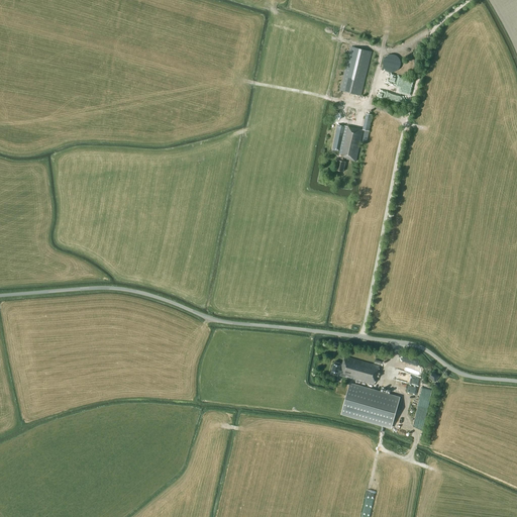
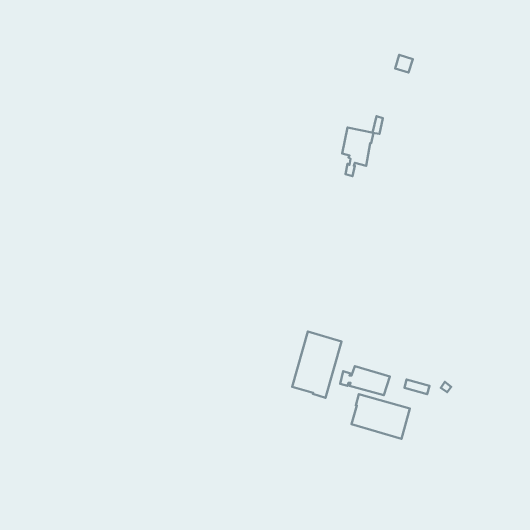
building: [340,46,372,95] -> none
building: none -> [292,332,342,398]

